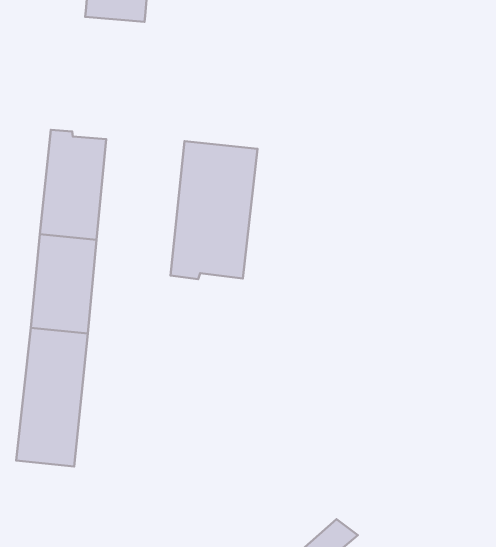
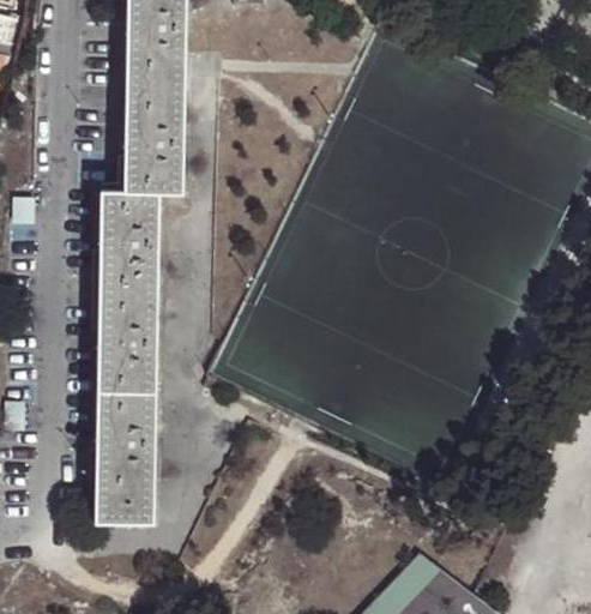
building: none -> [123,73,186,194]
building: [171,141,258,279] -> none

